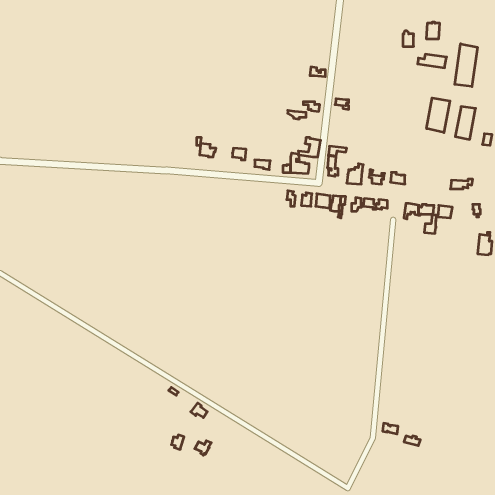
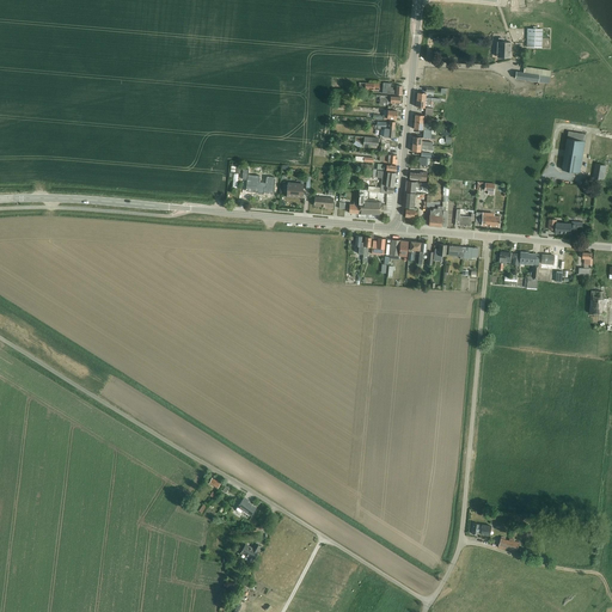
building: [455,44,477,87] -> none
building: [427,98,450,133] -> none

